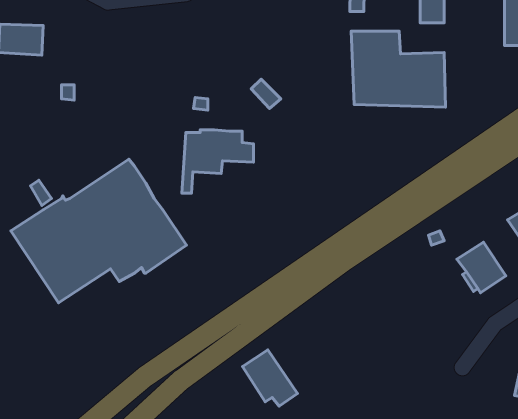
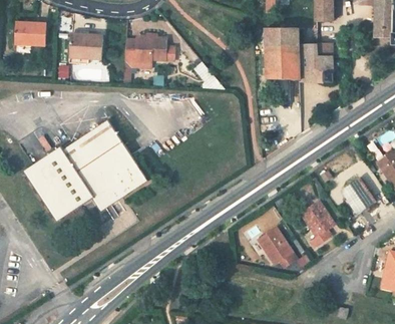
building: none -> [68,34,102,57]
building: [182,130,253,193] -> [122,37,173,82]
building: none -> [301,200,335,248]
building: [242,350,297,406] -> [259,227,298,267]

